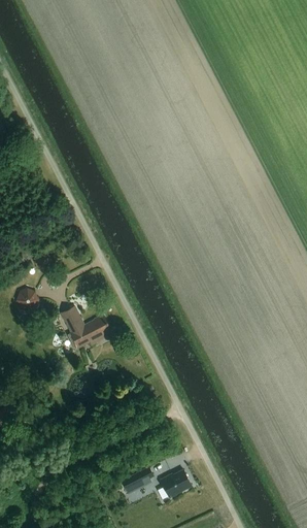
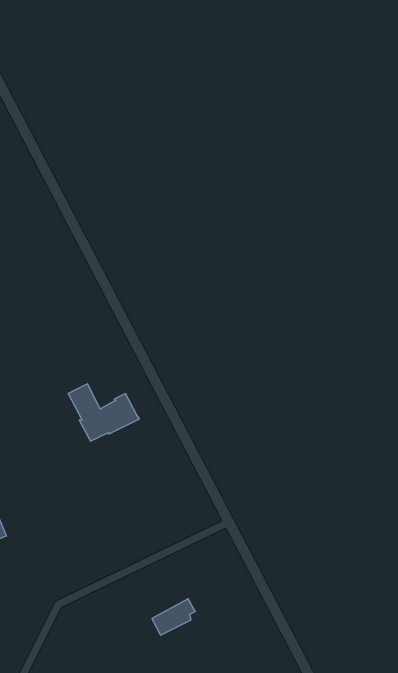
building: [15,288,39,311] -> none
building: [160,468,192,497] -> none

